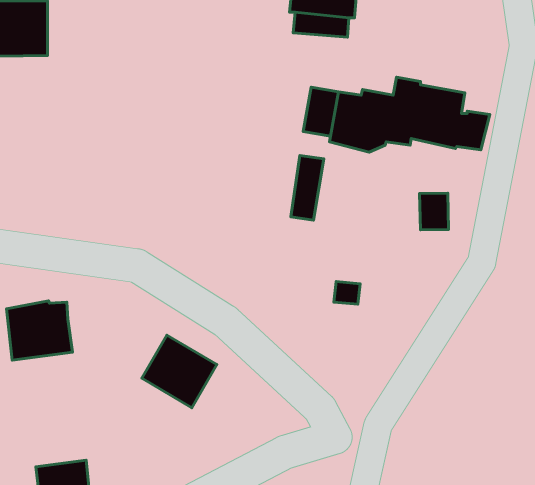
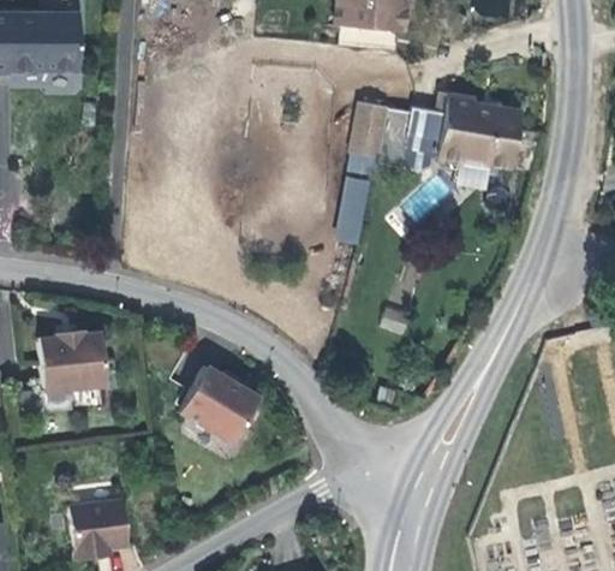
building: [420,193,449,230] -> none

